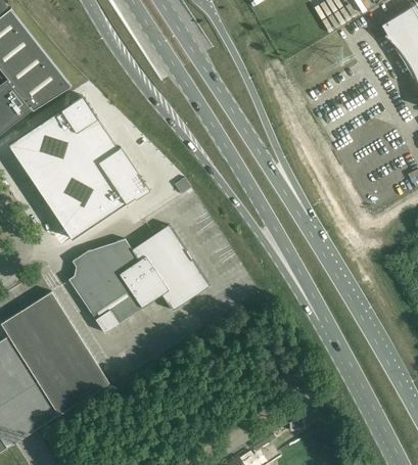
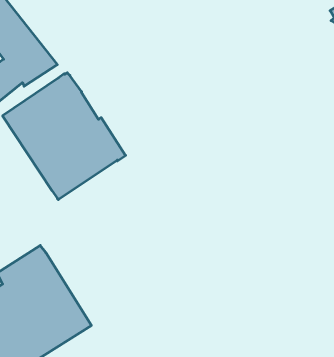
building: [68,226,210,333] -> none

